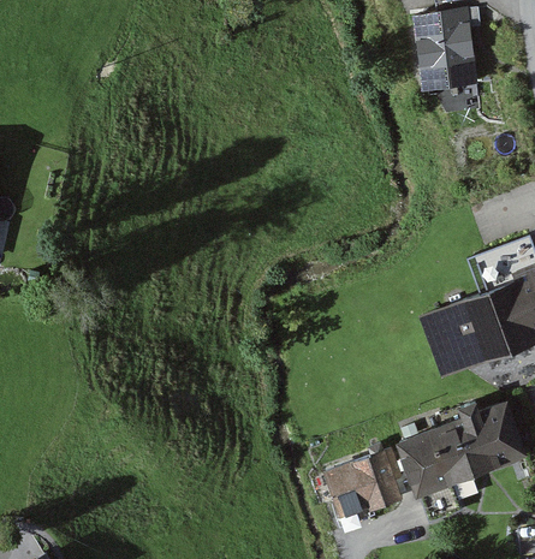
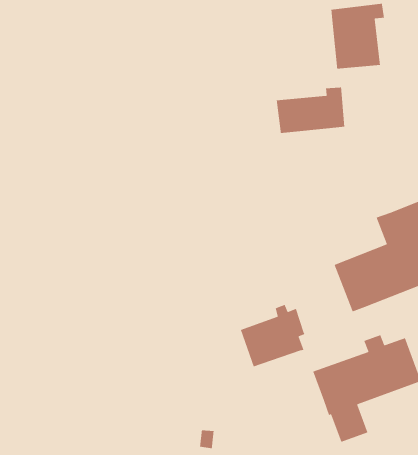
building: none -> [276,87,345,134]
building: [327,445,404,519] -> [240,304,306,367]

